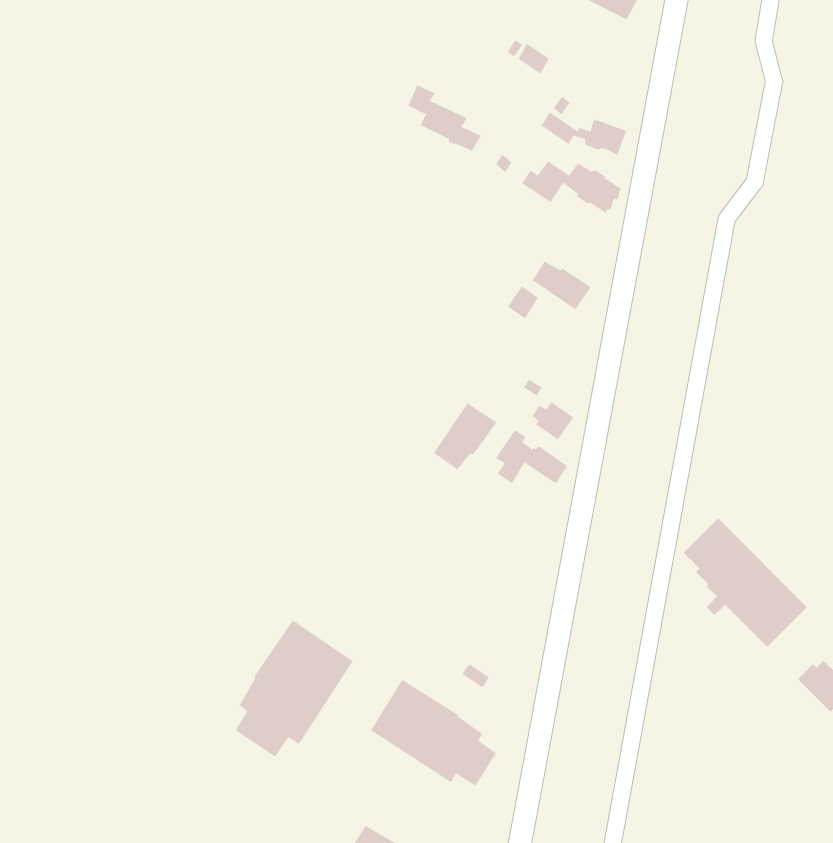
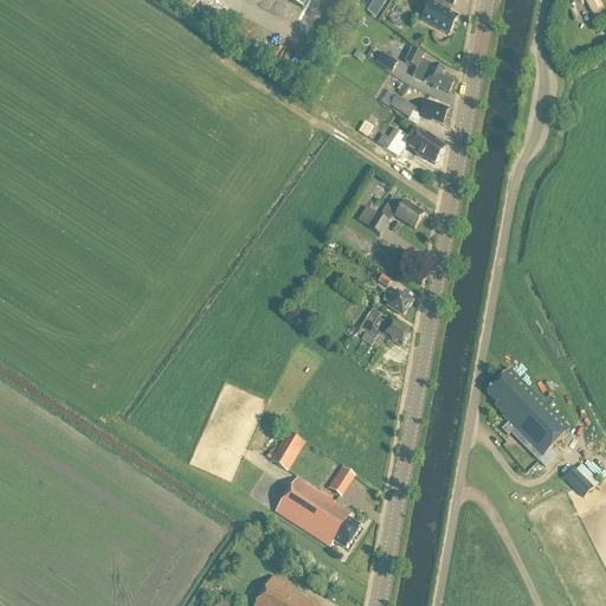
building: [408,85,481,151] -> [404,46,453,91]
building: [433,402,497,470] -> none
building: none -> [270,431,303,469]
building: [235,620,354,758] -> none

